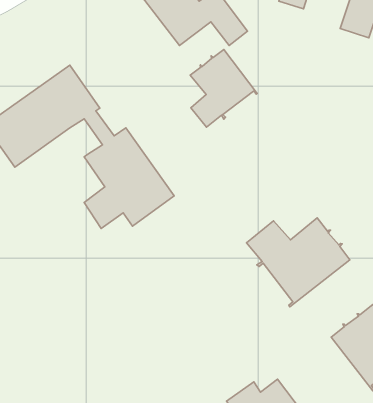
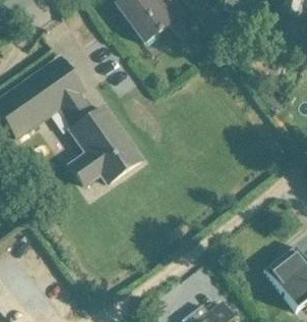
building: [190,49,257,127] -> none
building: [247,218,350,307] -> none

